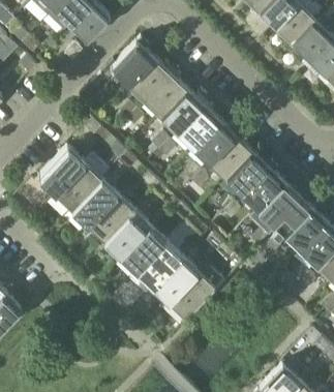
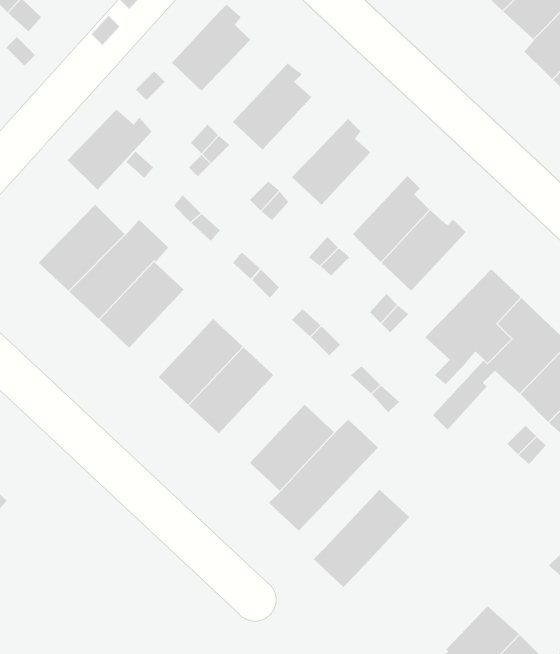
building: [126,58,173,102] -> [67,109,153,191]
building: [159,89,206,132] -> none
building: [191,119,238,163] -> none
building: [240,162,283,210] -> none
building: [87,193,132,241] -> none
building: [129,240,182,294] -> [313,489,410,588]

